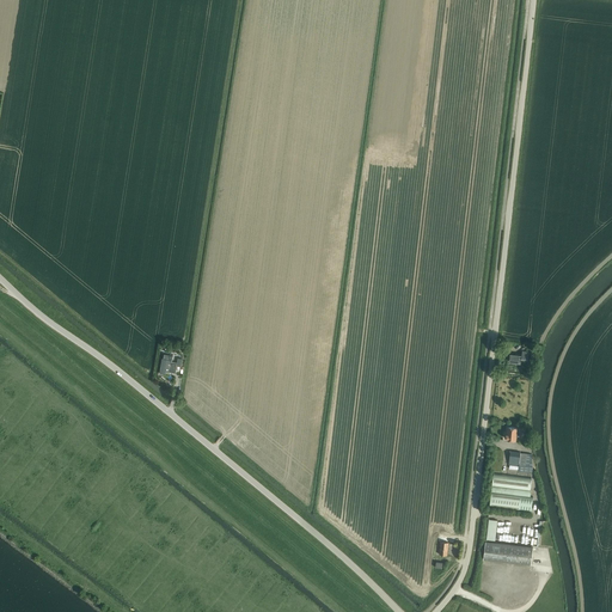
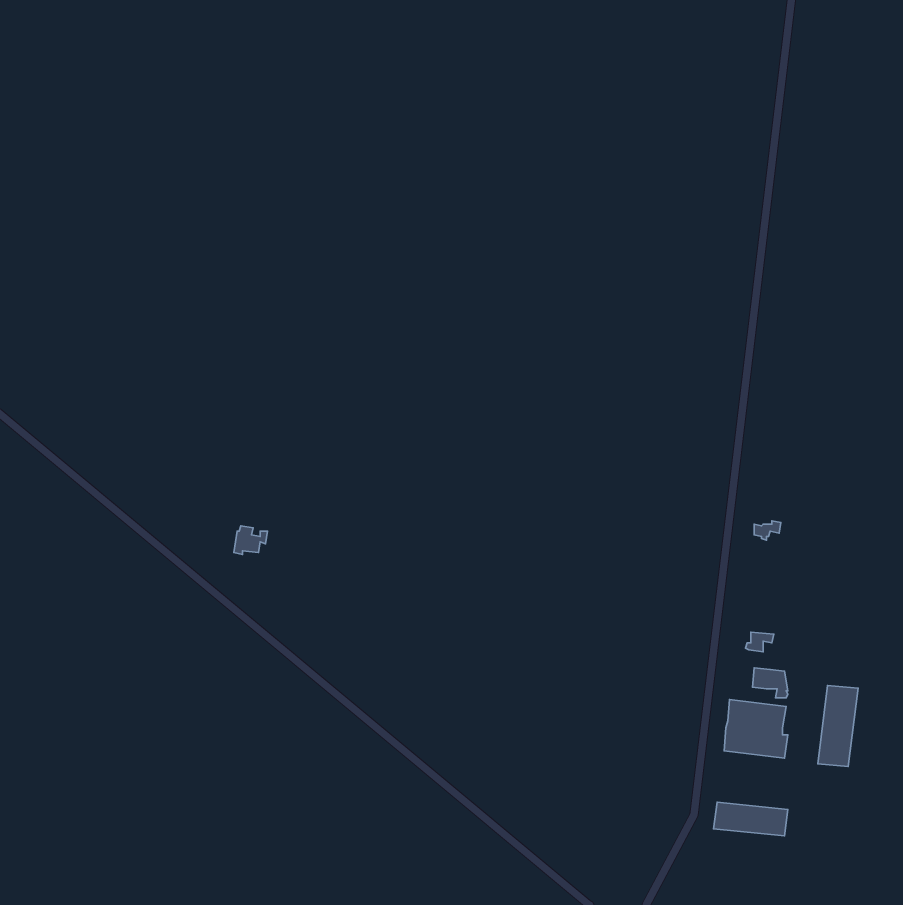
building: none -> [818,685,858,767]

